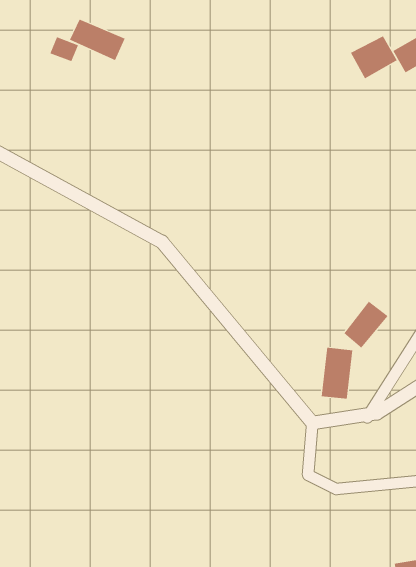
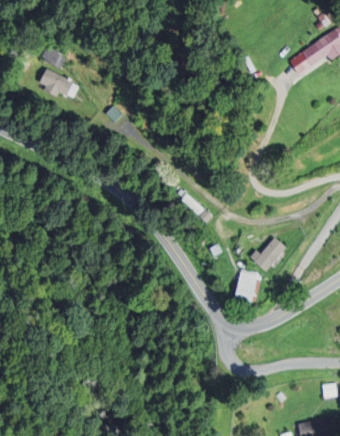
building: [69,19,125,61] -> [42,71,82,101]
building: [350,35,398,79] -> none

